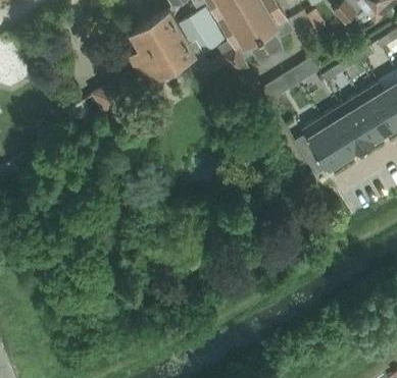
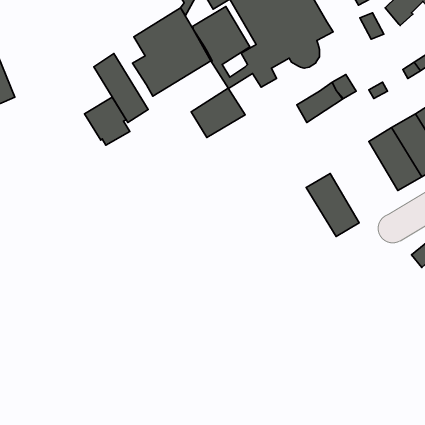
building: none -> [94,53,148,123]
building: none -> [191,88,245,138]
building: [301,117,344,168] -> [306,174,359,237]

